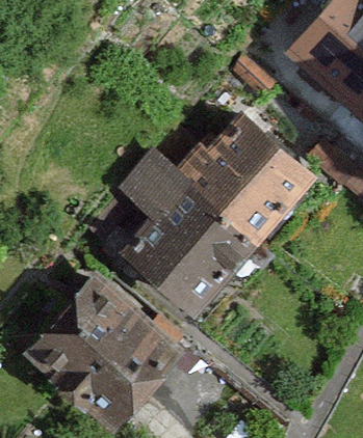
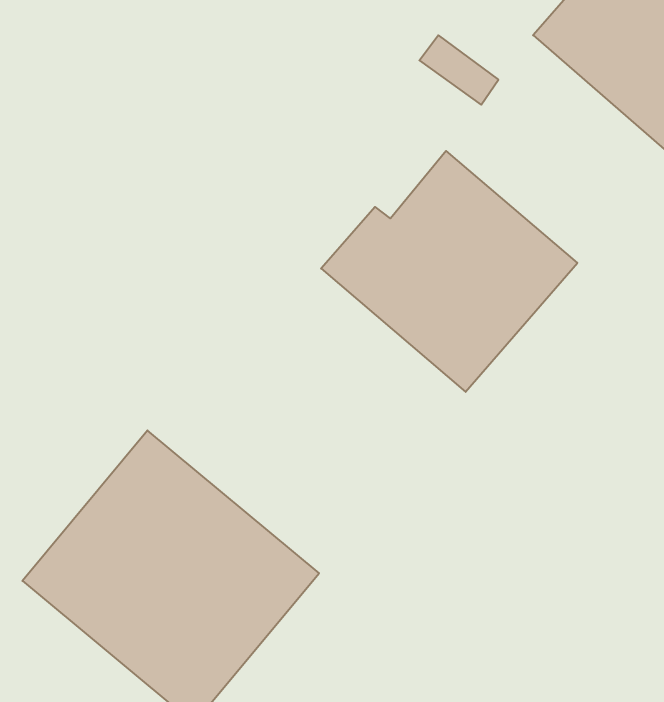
building: [119,157,255,317] -> none

